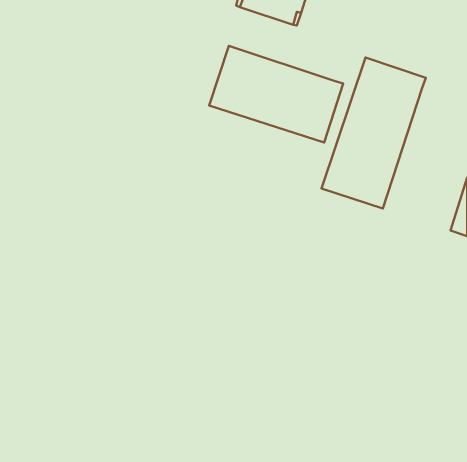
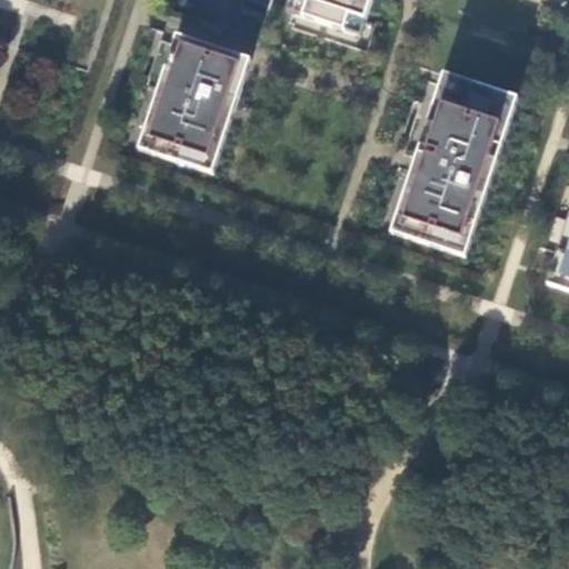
building: none -> [139,32,250,170]
building: [209,46,343,142] -> none

